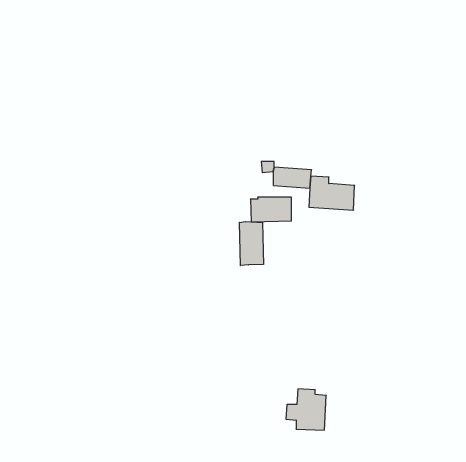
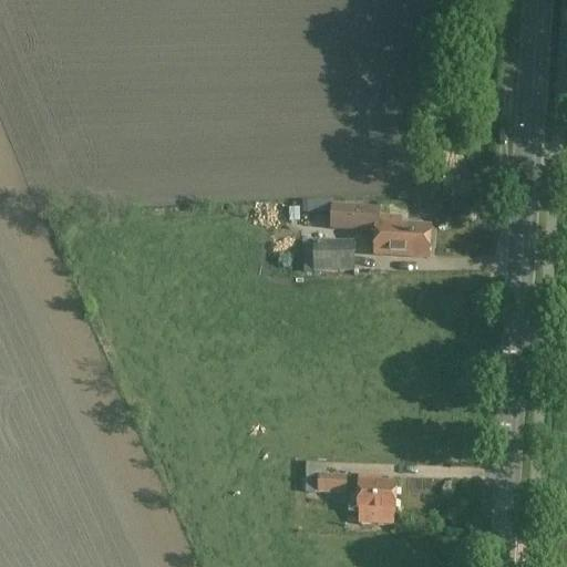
building: [239,222,263,266] -> none
building: none -> [305,460,347,492]

